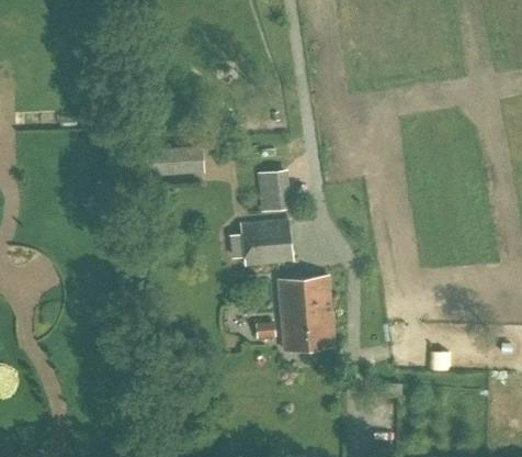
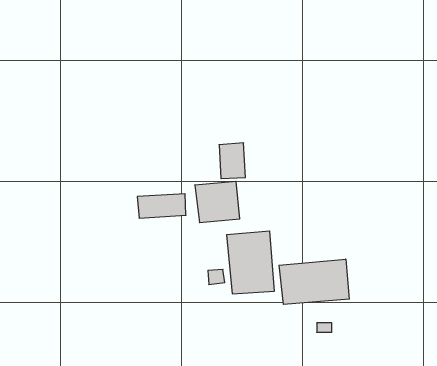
building: [146,144,203,172] -> [137,194,186,218]
building: none -> [279,259,349,304]

